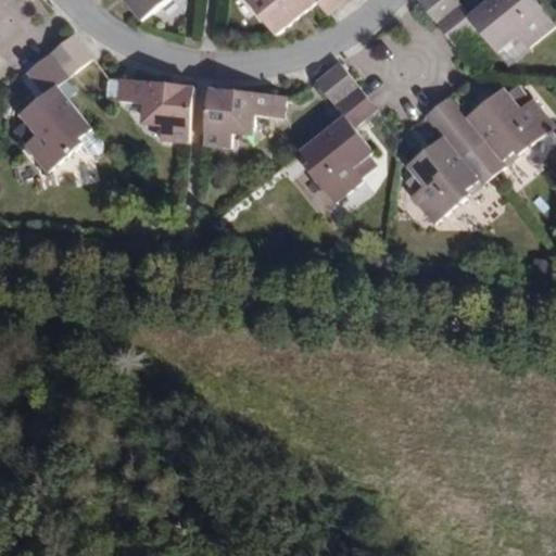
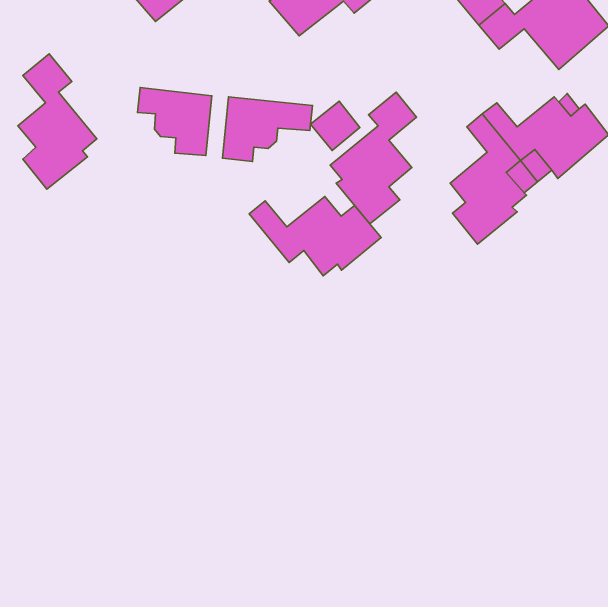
building: [45,30,88,74] -> none
building: [315,60,359,104] -> [311,101,360,150]
building: none -> [249,196,381,276]

